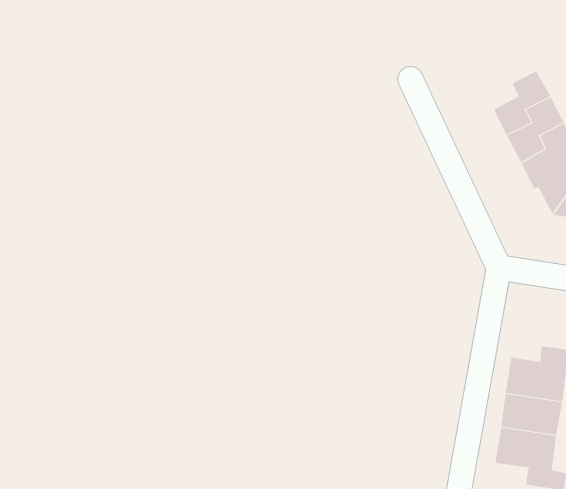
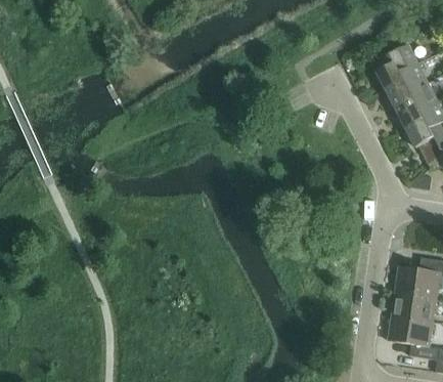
building: none -> [376,43,417,90]

